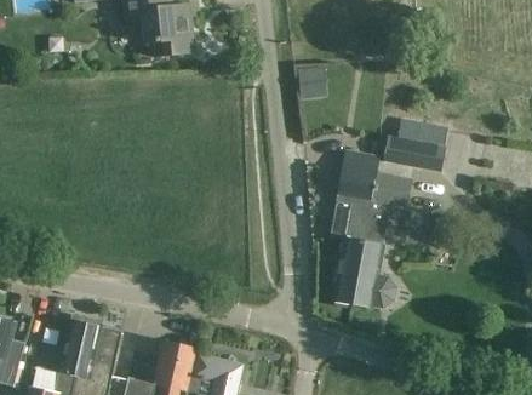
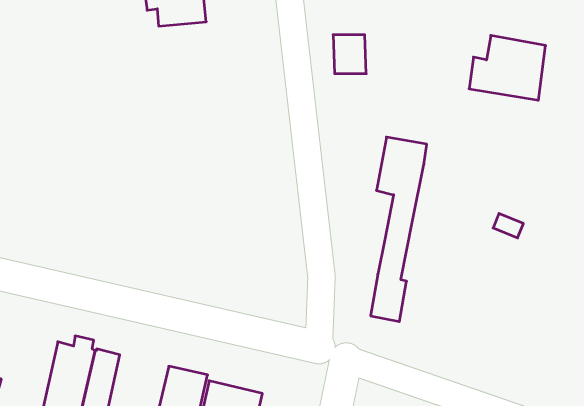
building: [383,118,447,172] -> [469,35,546,100]
building: [356,172,412,307] -> none

